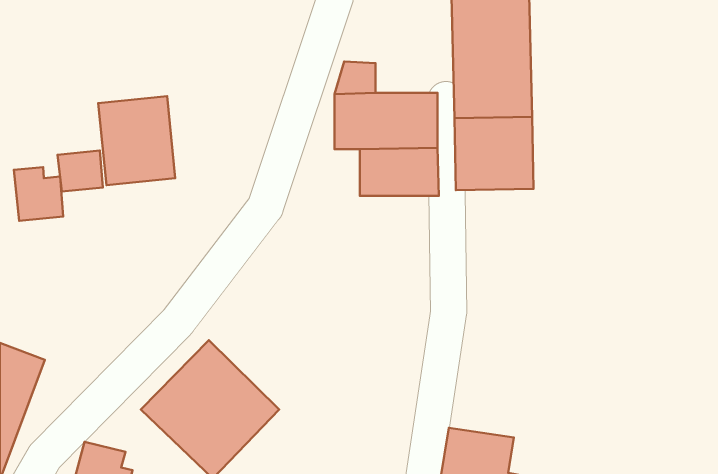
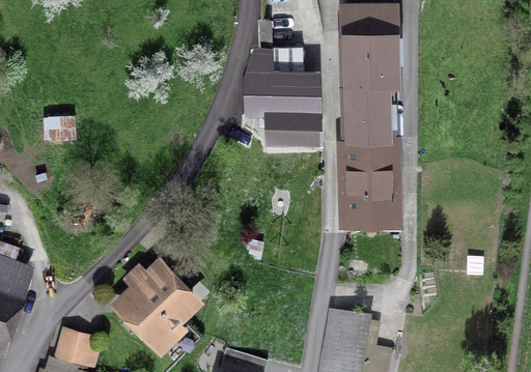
building: [98,96,175,185] -> none
building: [14,167,63,221] -> none
building: none -> [336,142,395,229]

